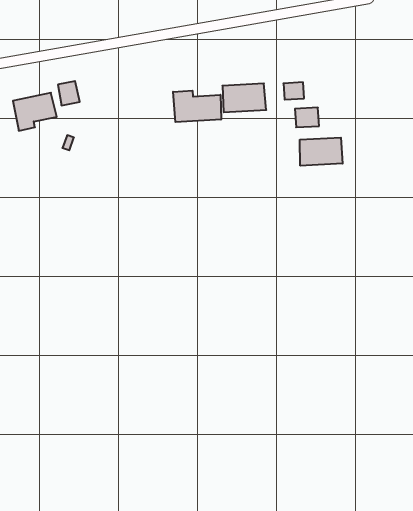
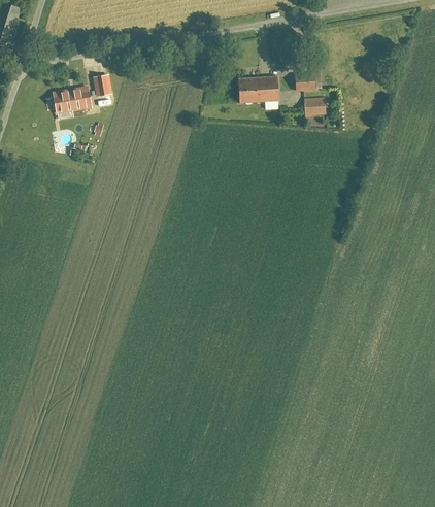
building: [173,91,221,122] -> none
building: [300,138,343,166] -> none

